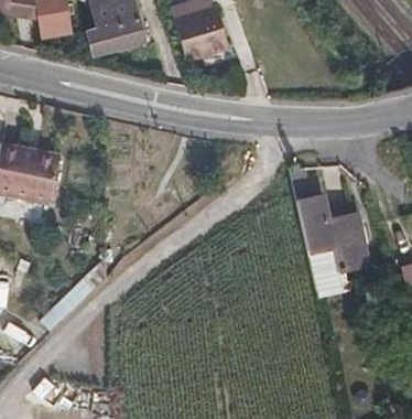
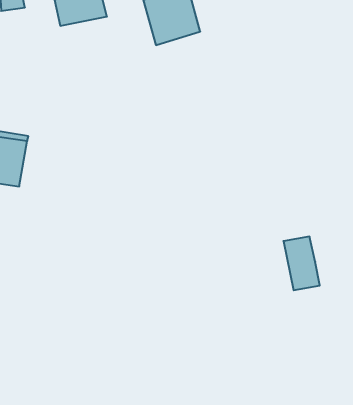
building: [299,197,367,271] -> none

